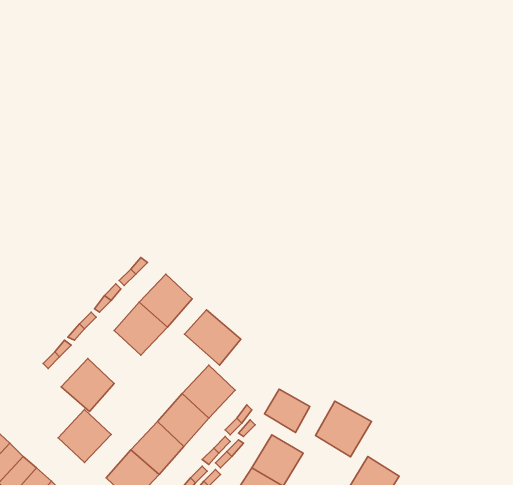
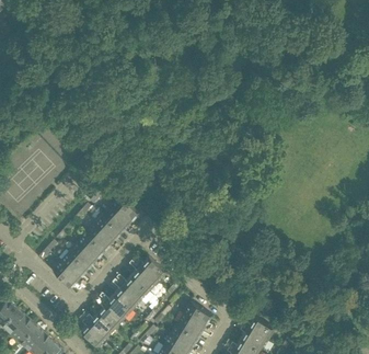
building: [184,310,241,365] -> none
building: [265,389,310,433] -> none
building: [315,401,372,457] -> none
building: [58,409,111,463] -> [69,235,104,270]

